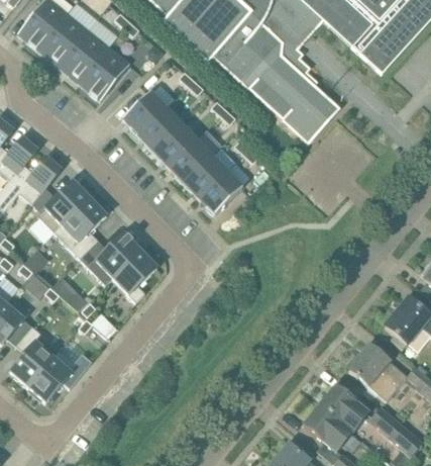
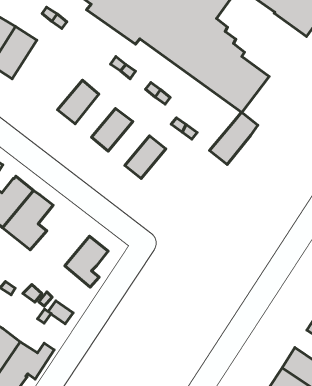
building: [80,45,130,99] -> none
building: [138,107,181,150] -> none
building: [169,138,212,182] -> none
building: [199,162,250,213] -> [210,112,258,165]
building: [79,232,140,284] -> none

